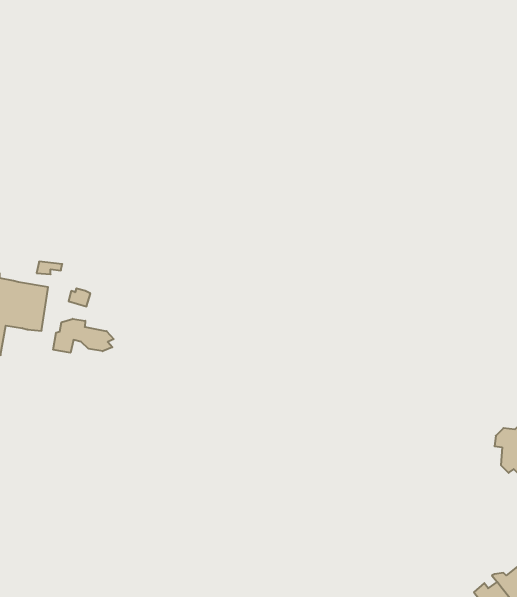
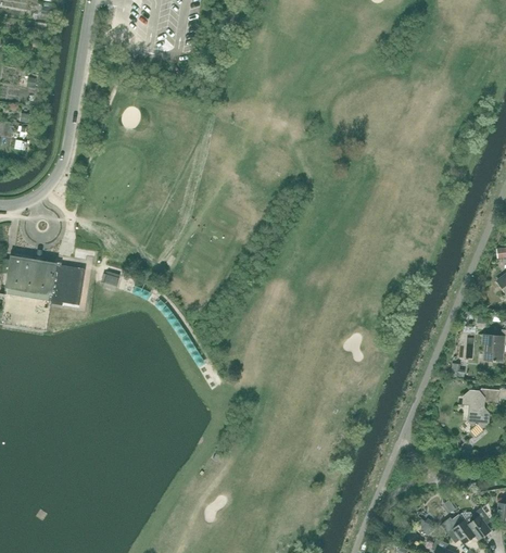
building: [53,319,114,353] -> none

